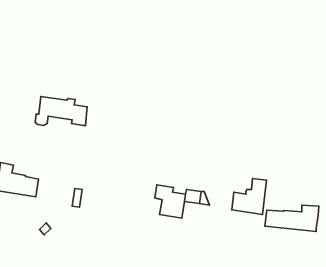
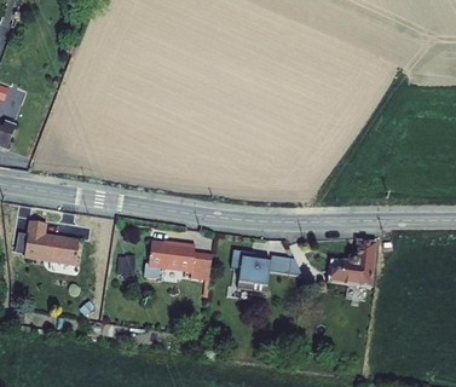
building: [35,97,87,125] -> [144,241,212,278]
building: [265,205,319,232] -> none

